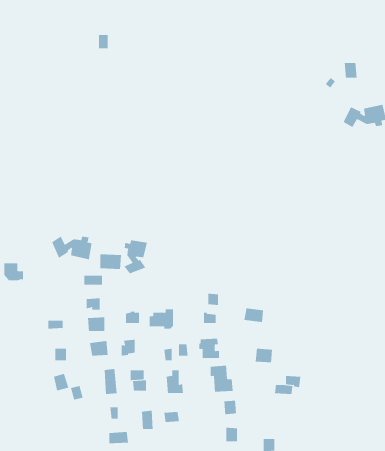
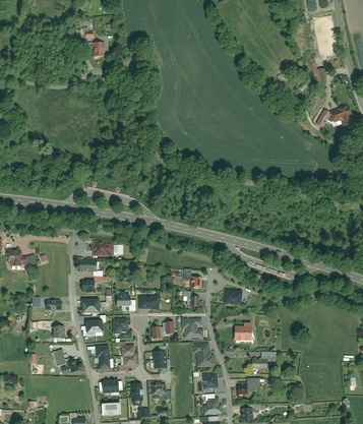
building: [51,235,92,260] -> none
building: [124,239,148,274] -> none

